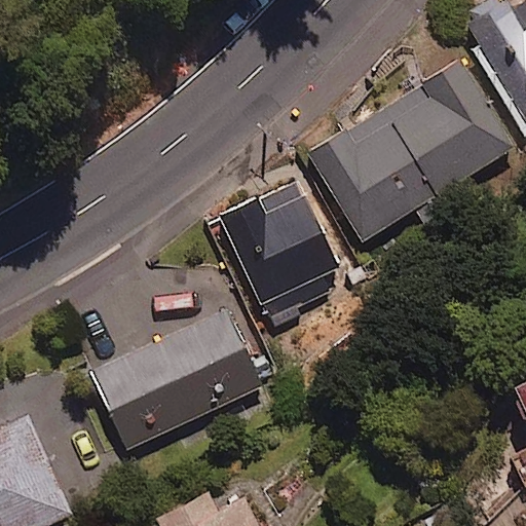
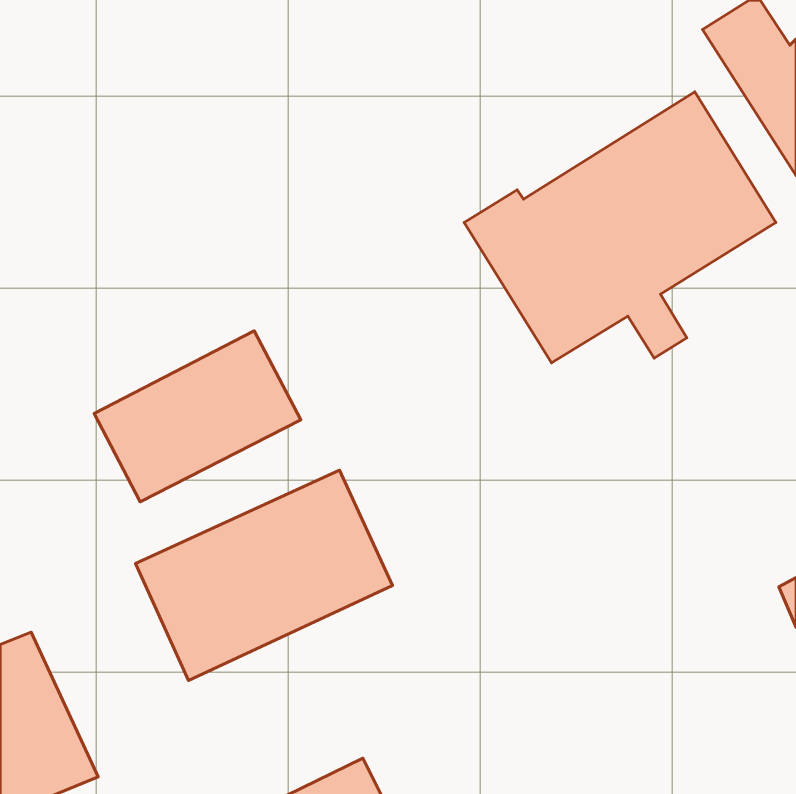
building: [220,190,340,328] -> none
building: none -> [94,331,301,502]

